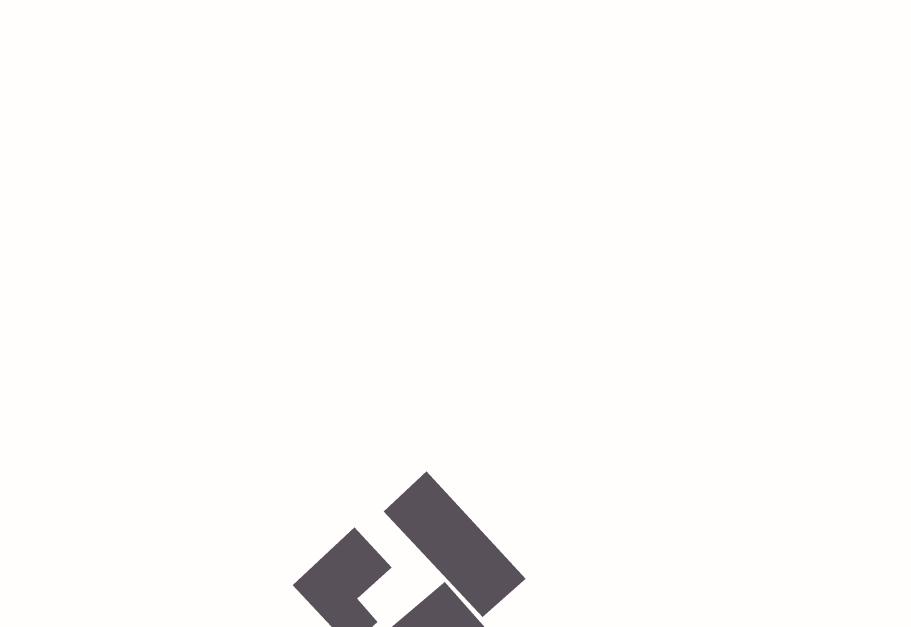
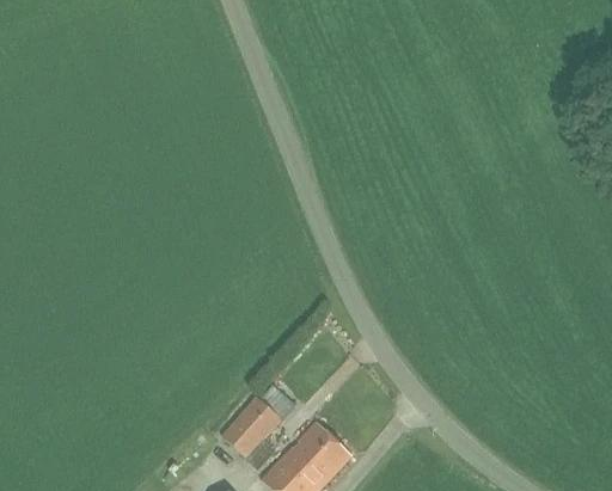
building: [383,471,526,618] -> none

